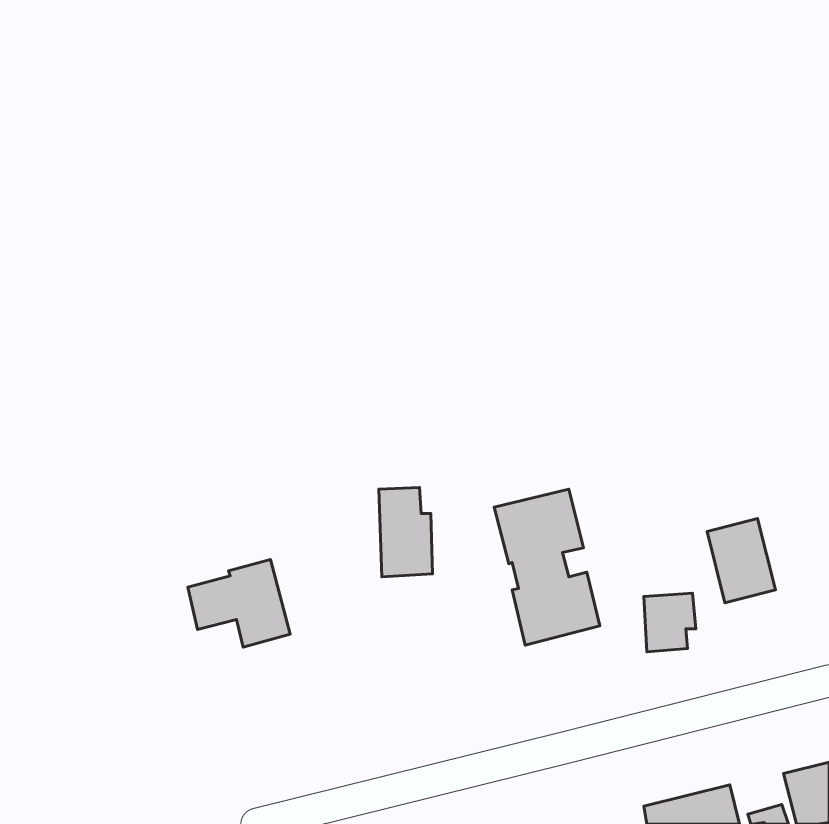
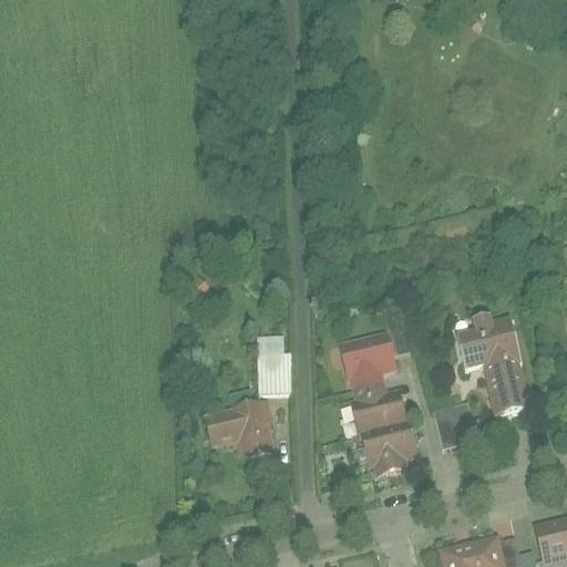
building: none -> [454,311,522,367]
building: [188,560,290,647] -> [204,402,274,462]
building: none -> [362,431,417,480]

